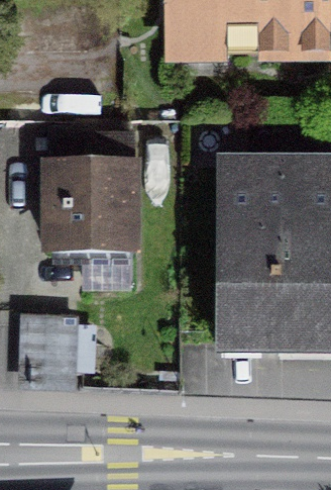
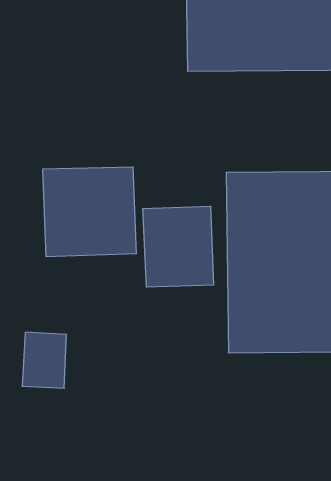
building: none -> [143,206,213,287]

